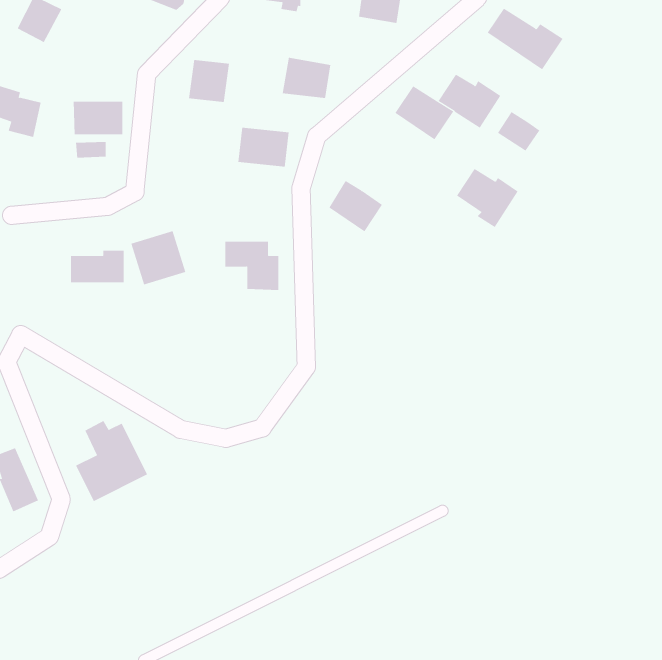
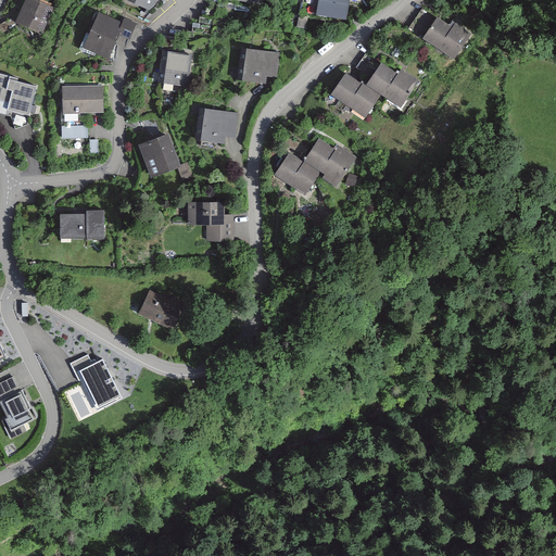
building: none -> [81,10,136,59]
building: [497,111,540,151] -> none
building: [456,168,518,228] -> [303,137,355,187]
building: [130,231,186,285] -> [140,134,187,179]
building: none -> [138,289,185,328]

